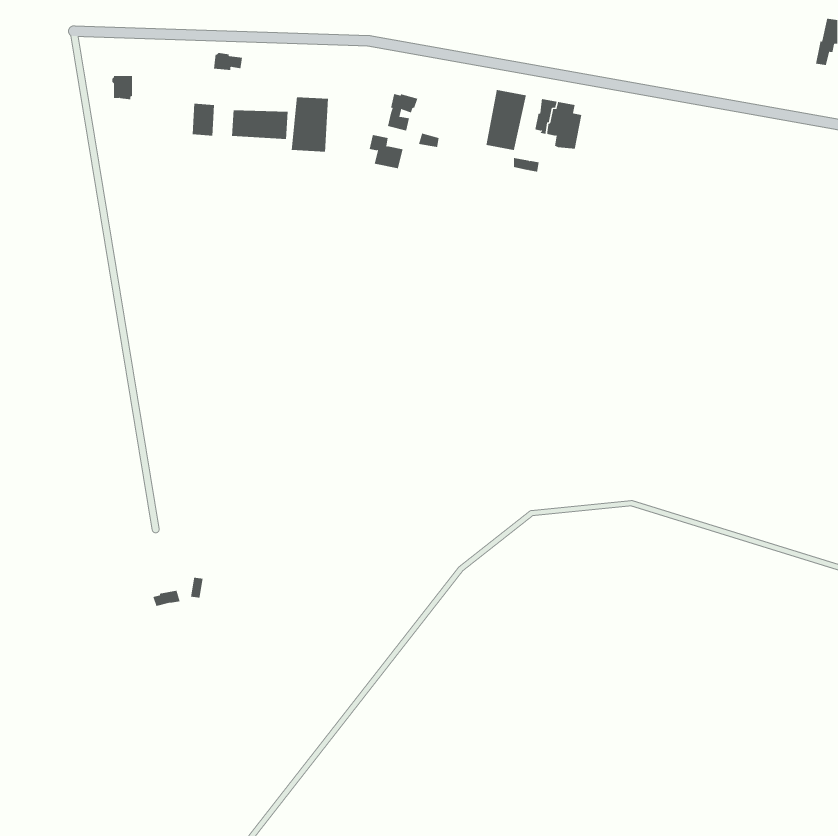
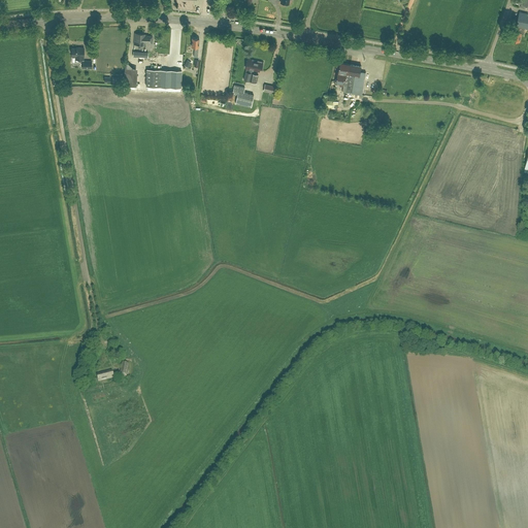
building: [486,89,527,151] -> none
building: [291,96,329,152] -> none

